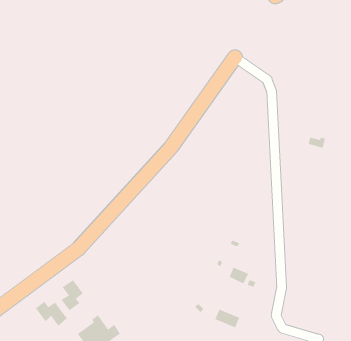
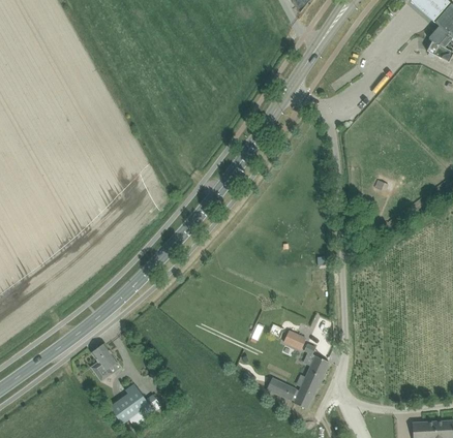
building: none -> [294,354,329,408]
building: [35,301,68,327] -> none

